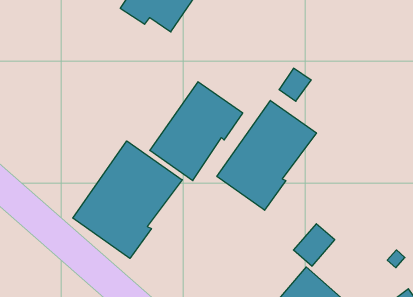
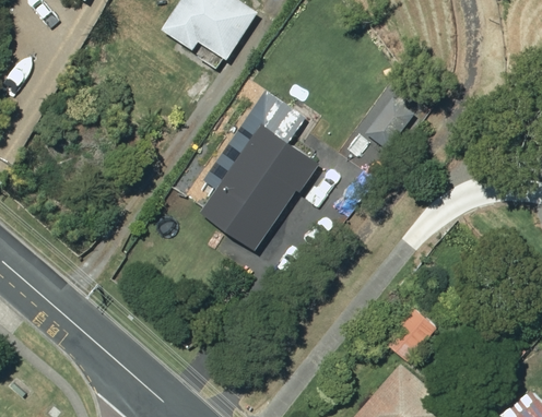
building: [217,100,316,210] -> none
building: [73,141,182,258] -> none

